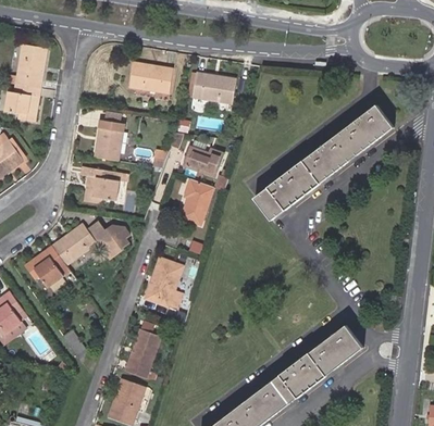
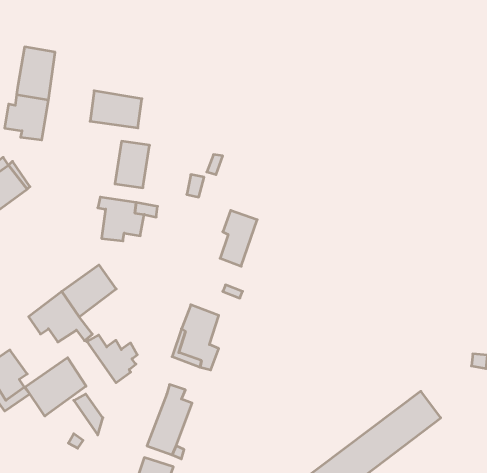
building: [131,62,173,92] -> [90,91,142,128]
building: [194,72,235,103] -> none
building: [256,105,393,218] -> none
building: [182,143,222,174] -> none
building: [89,221,131,260] -> [87,335,137,383]
building: none -> [25,358,86,416]

